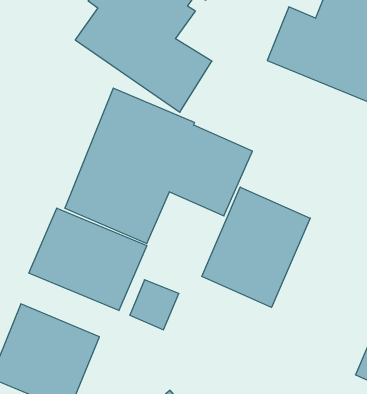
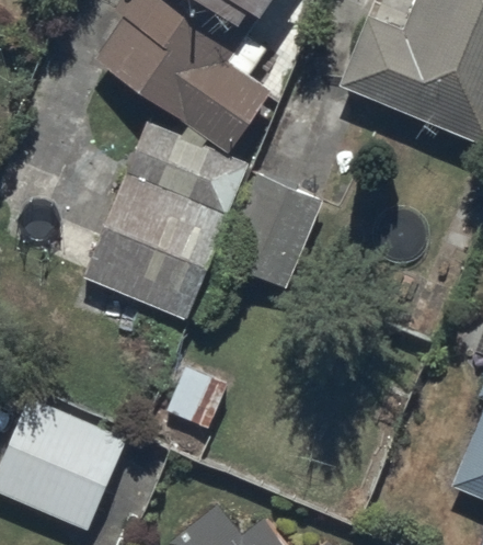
building: [202,187,310,307] -> none
building: [29,208,147,311] -> none

